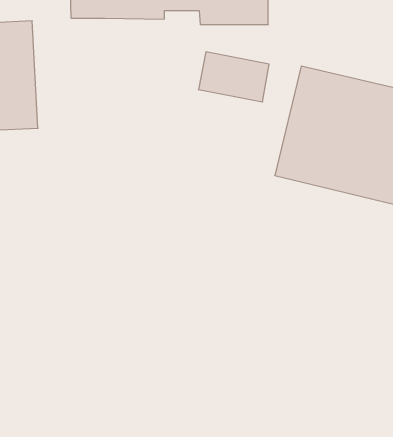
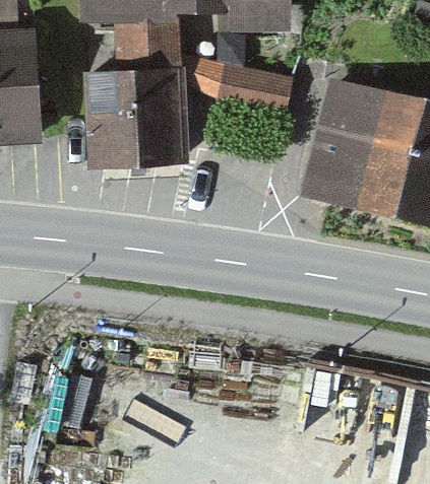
building: none -> [83,24,189,170]

